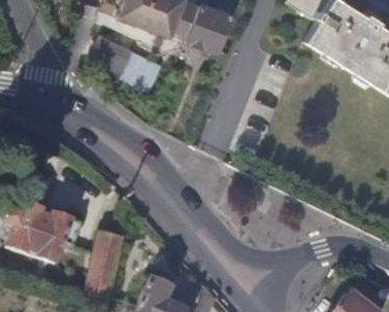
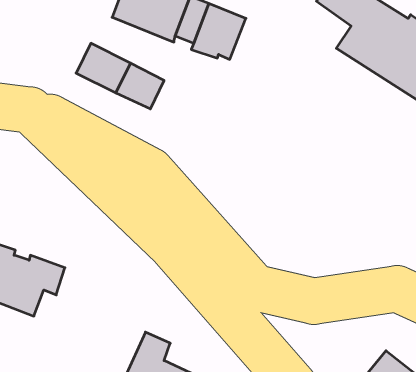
building: [88,233,123,298] -> none

